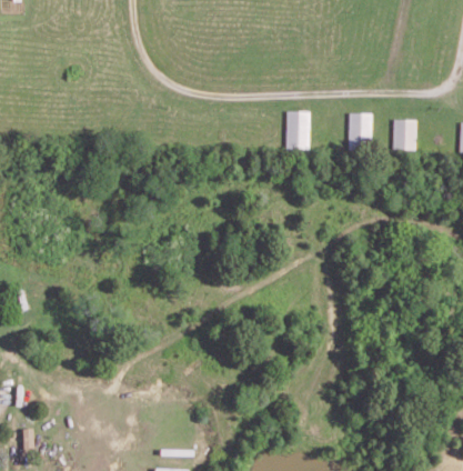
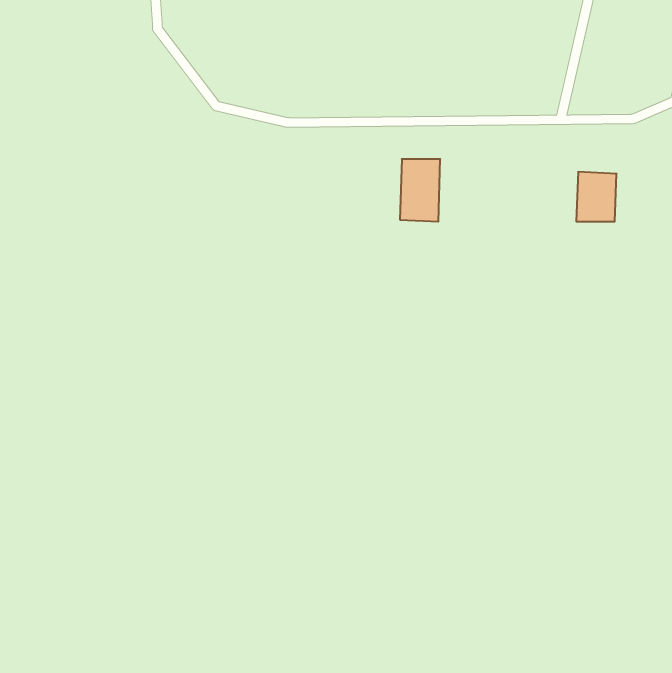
building: [350,112,372,150] -> none

